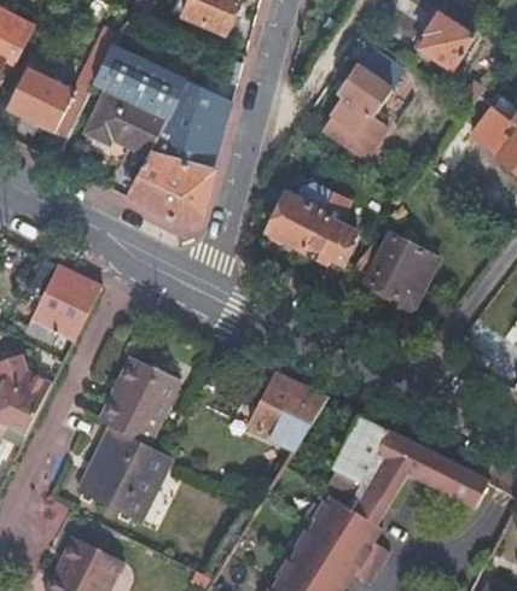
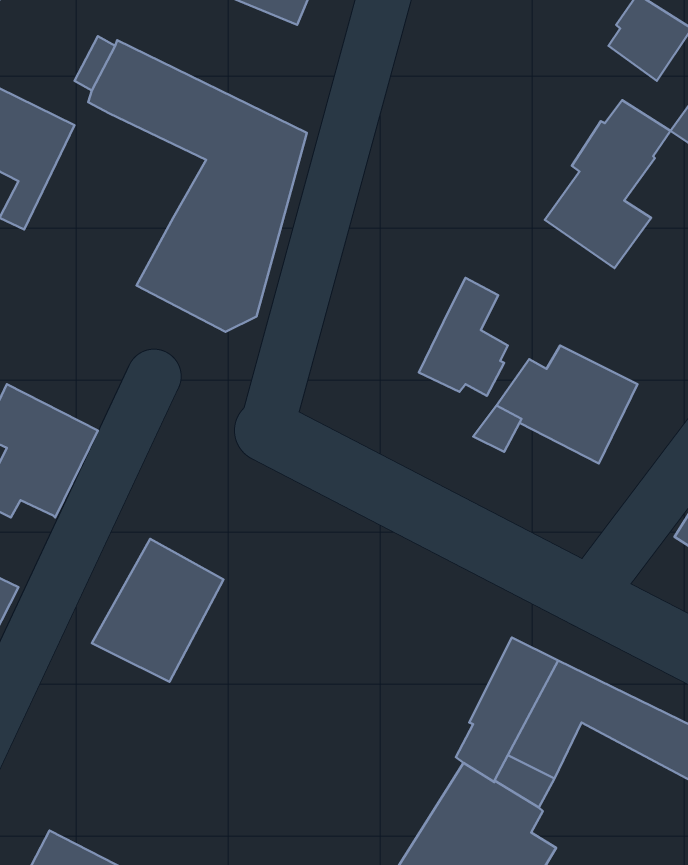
building: [323,53,401,158] -> [545,100,670,268]
building: [83,89,169,162] -> none
building: [269,195,321,251] -> none
building: [252,375,327,451] -> none
building: [77,426,172,521] -> none

